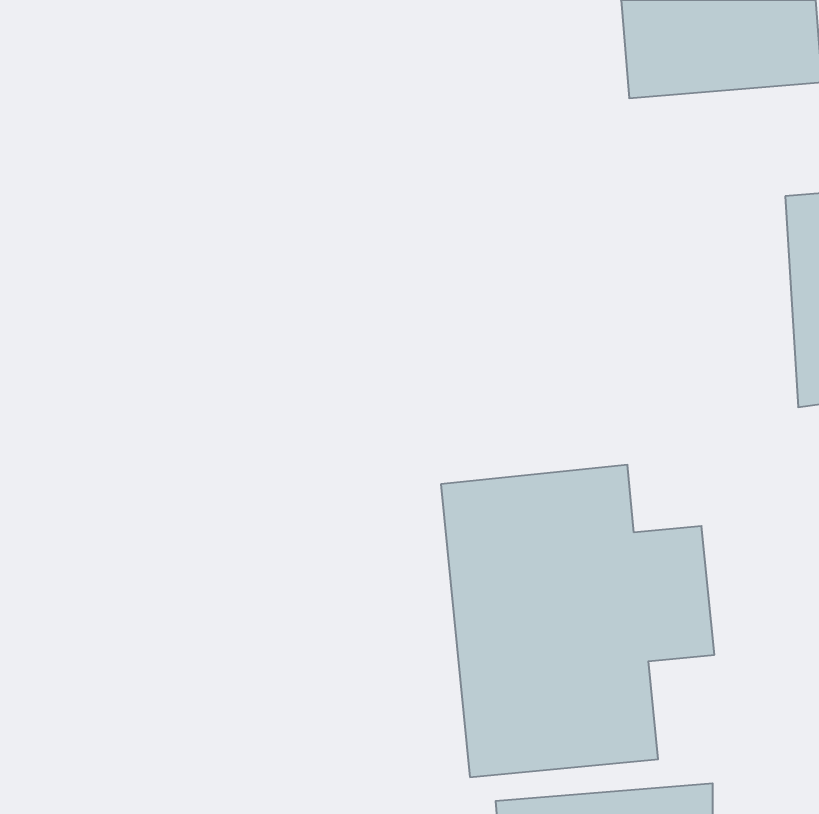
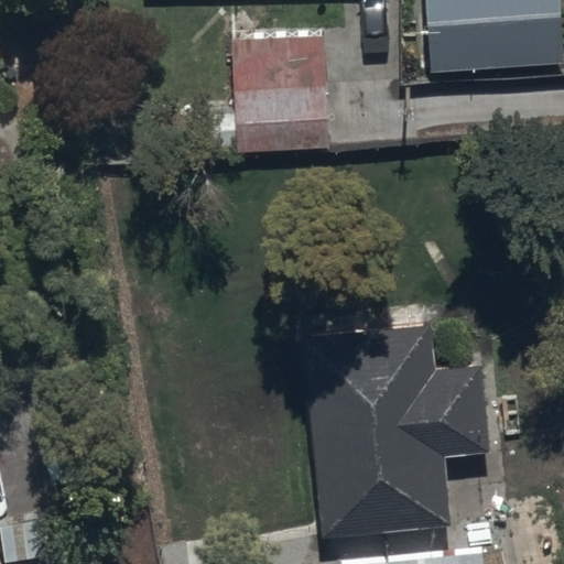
building: none -> [231,34,330,156]

